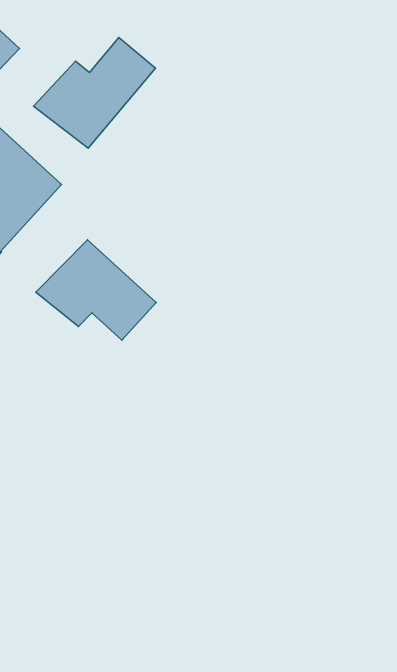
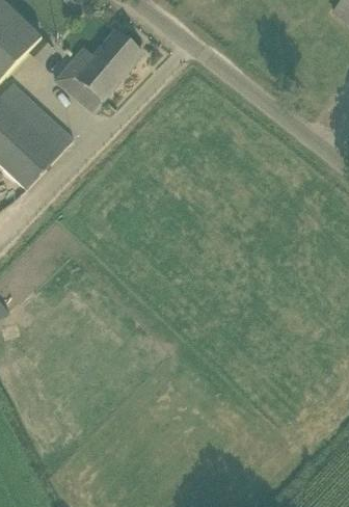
building: [36,240,156,340] -> none

